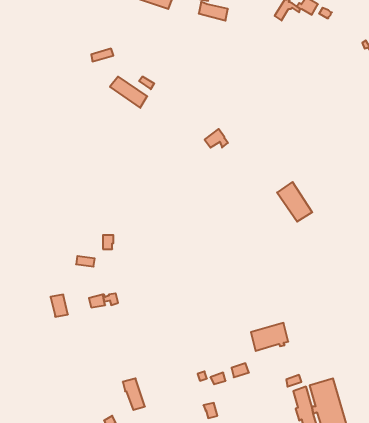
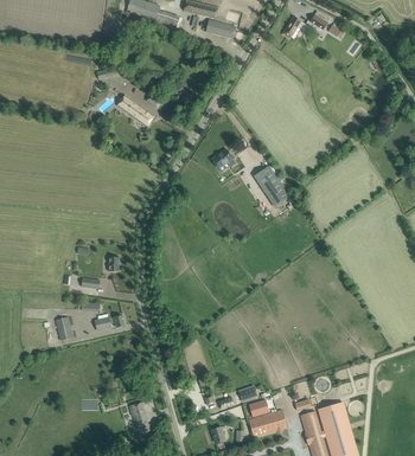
building: [277,182,312,222] -> [254,166,289,206]
building: [251,323,288,351] -> [249,410,287,438]

